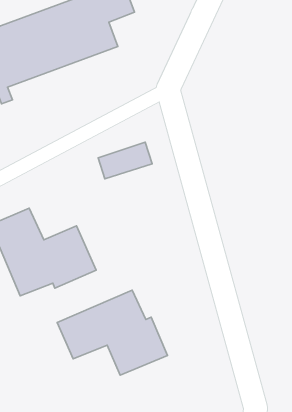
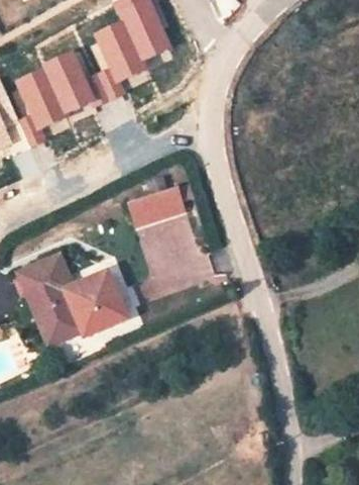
building: [57,290,168,375] -> none

